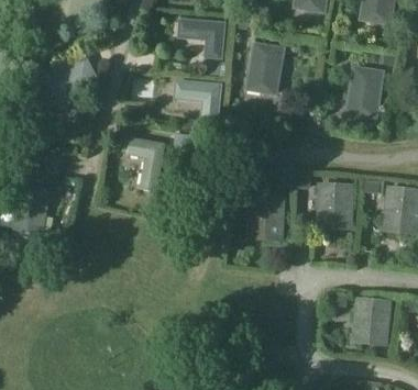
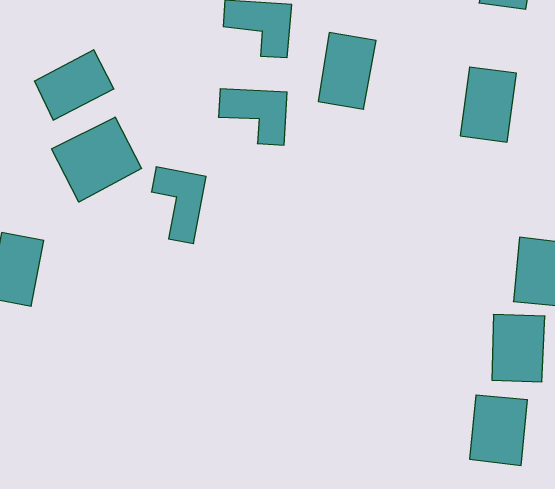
building: none -> [52,117,142,202]
building: [316,182,353,230] -> [492,315,545,382]
building: [246,193,285,241] -> none

